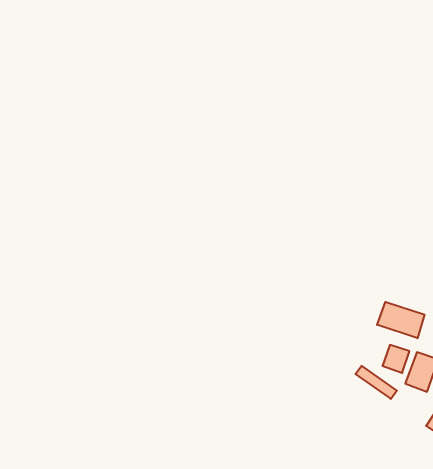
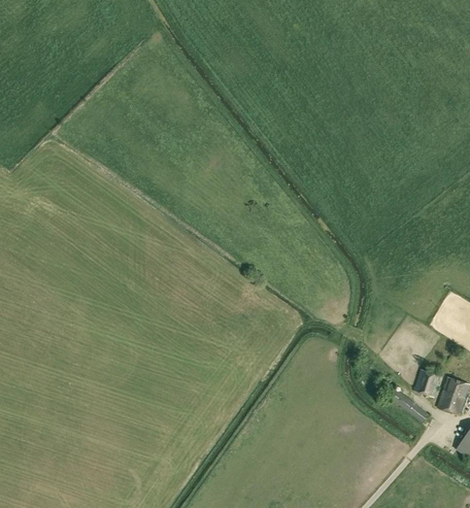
building: [377,302,425,338] -> none

